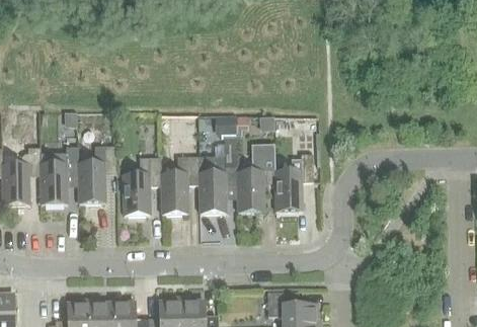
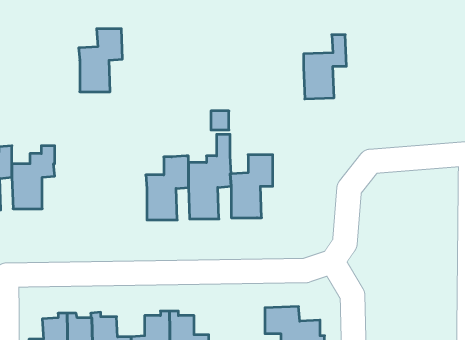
building: [78,146,117,202] -> [79,29,122,92]
building: [275,154,314,212] -> [304,35,346,99]
building: [124,157,162,215] -> none

